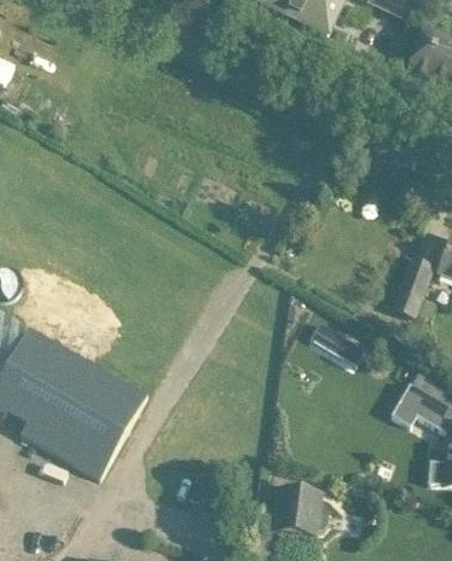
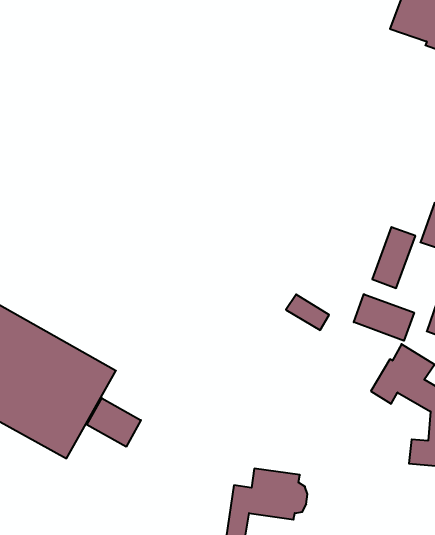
building: none -> [354,294,414,341]
building: none -> [87,398,141,447]

